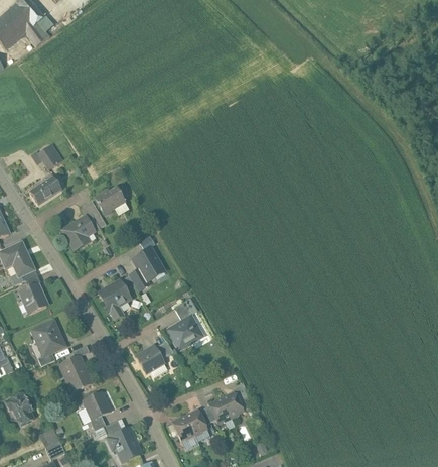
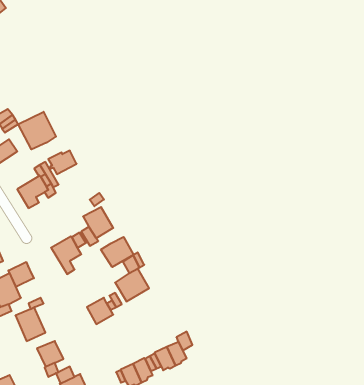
building: none -> [18,112,56,149]
building: none -> [101,237,133,267]
building: none -> [8,262,34,287]

